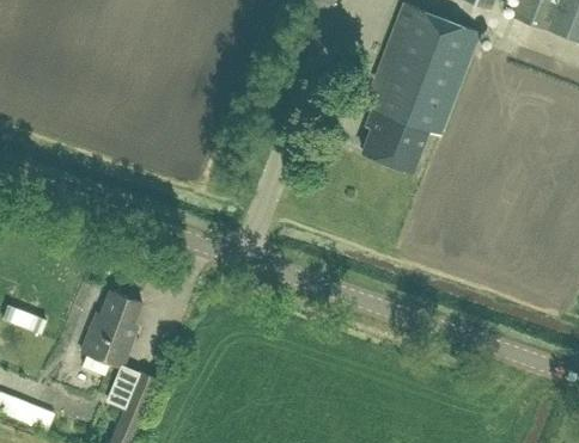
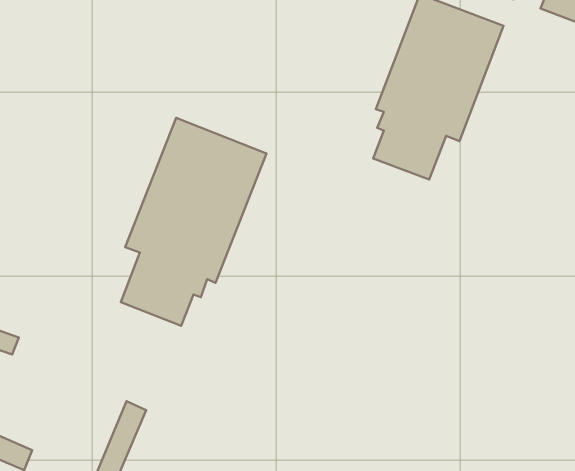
building: none -> [121,118,267,326]
building: [81,290,141,368] -> none

